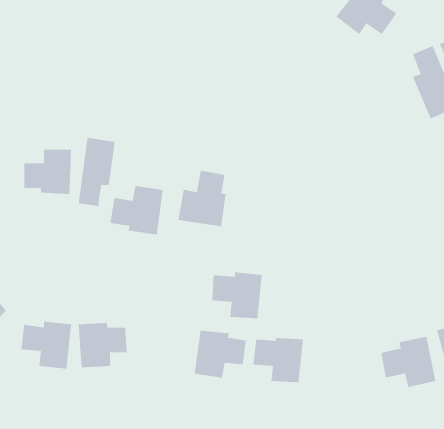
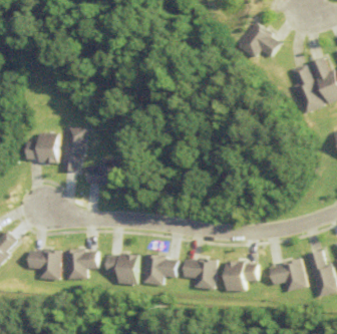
building: [178,170,226,227] -> none
building: [211,272,263,319] -> [106,254,140,285]
building: none -> [225,262,258,291]

